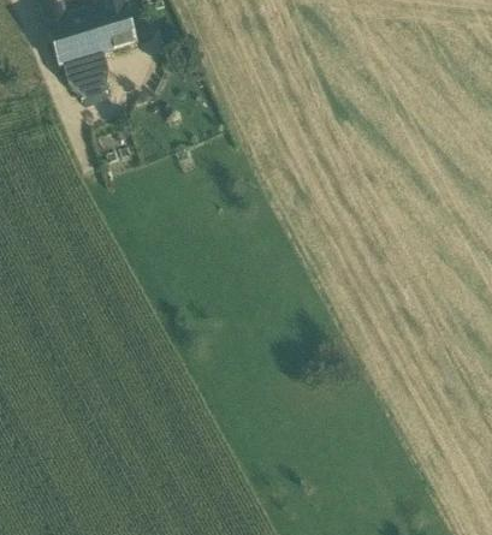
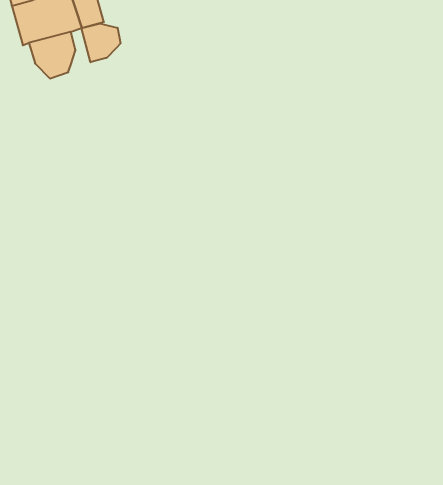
building: none -> [81,24,121,62]

